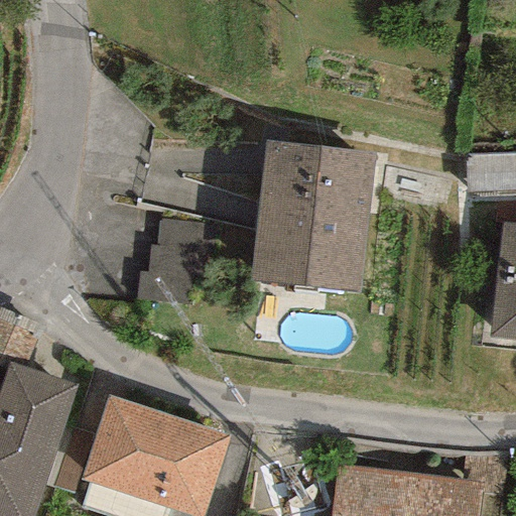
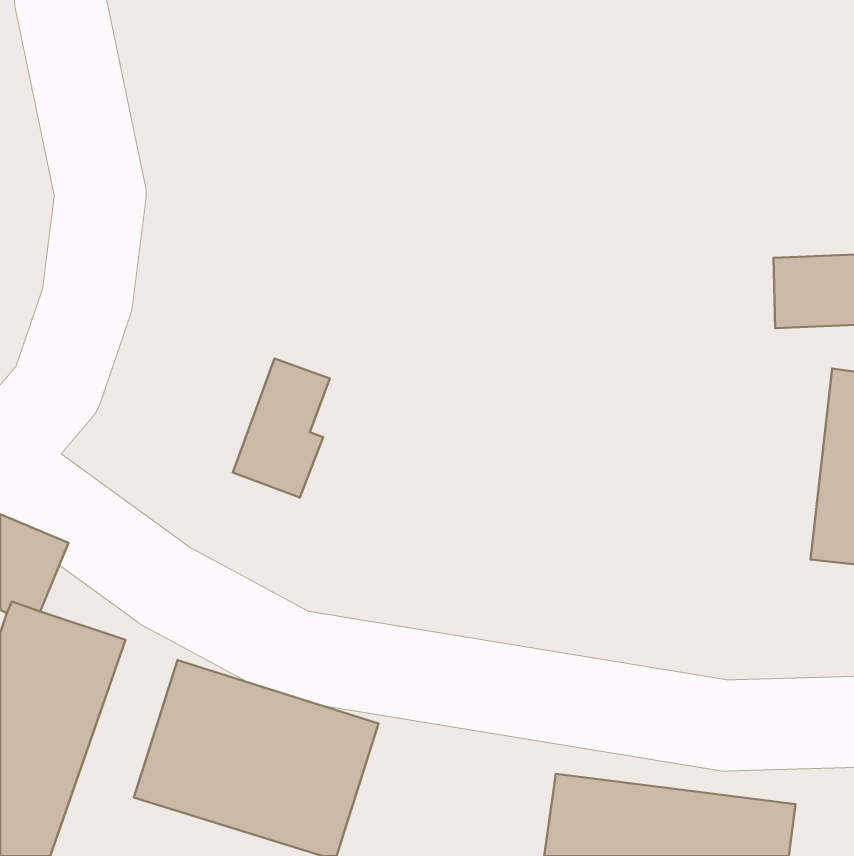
building: [251,142,374,289] -> none

